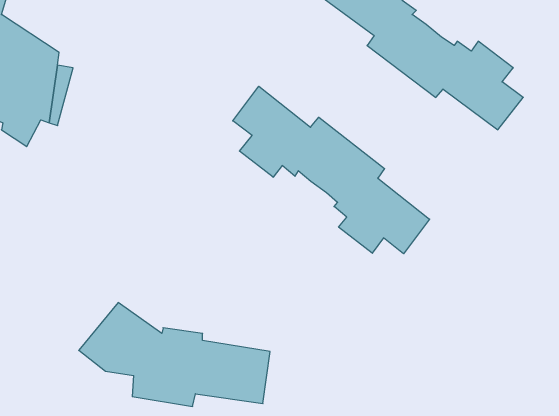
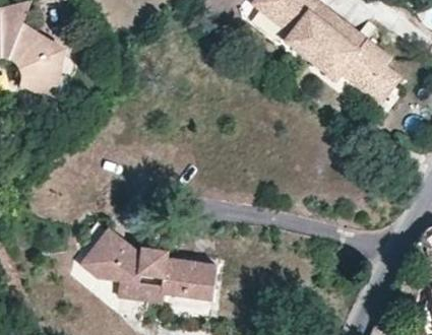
building: [233,86,430,254] -> none

